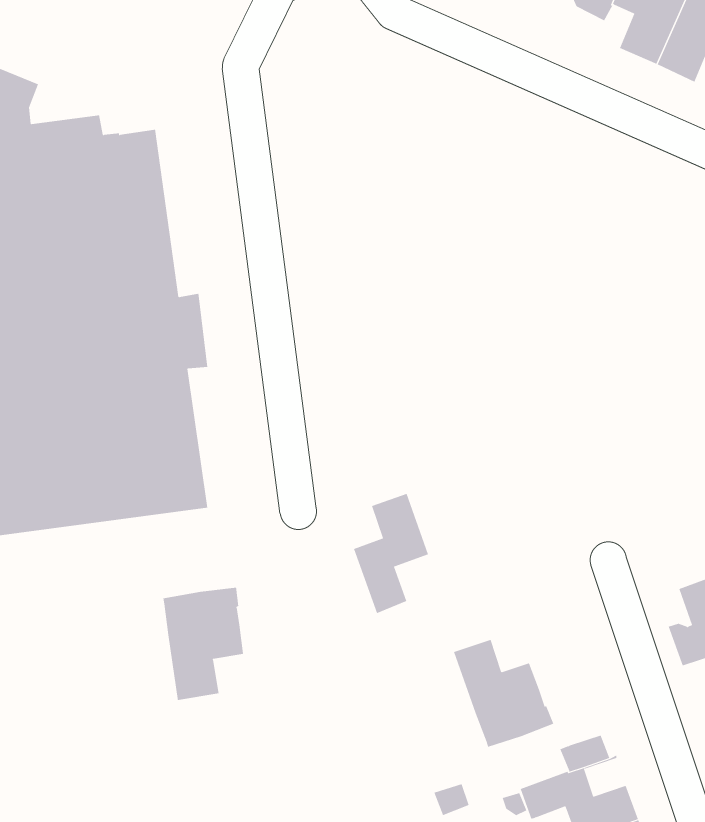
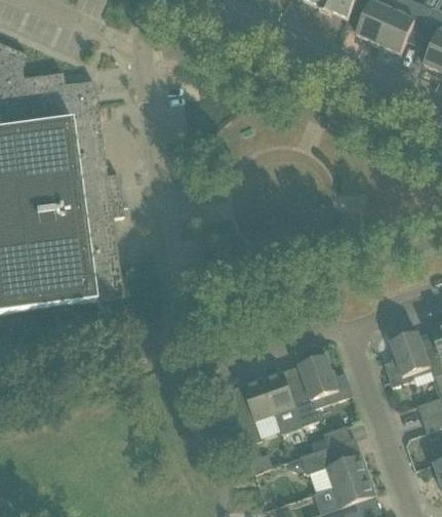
building: [353,493,429,614] -> [232,377,275,446]
building: [163,587,244,701] -> none
building: none -> [299,355,354,403]

